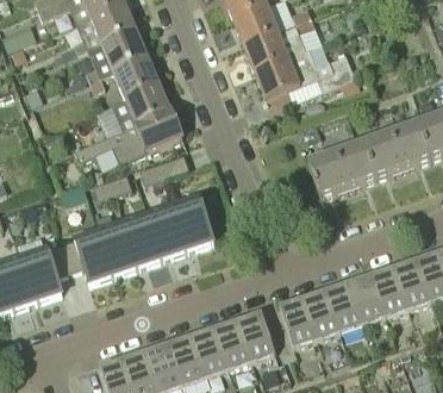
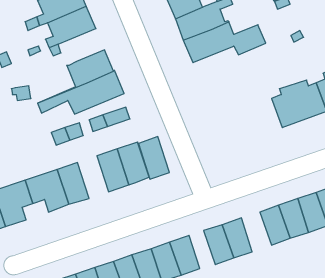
building: [113,57,158,98] -> none
building: [308,142,376,198] -> none
building: [125,213,163,266] -> [138,137,169,179]
building: [326,282,363,331] -> none

